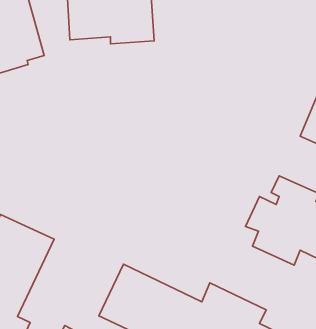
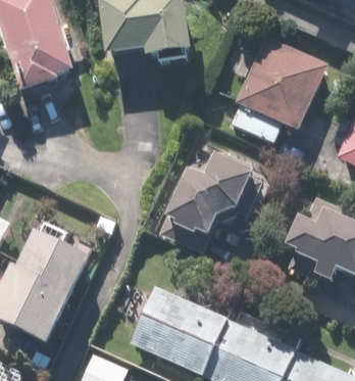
building: none -> [232,34,327,140]
building: none -> [155,140,271,253]

